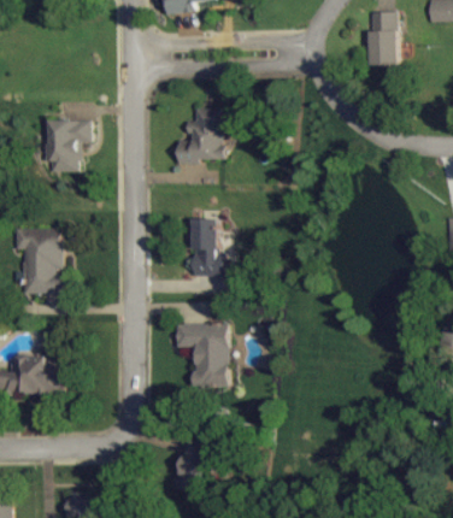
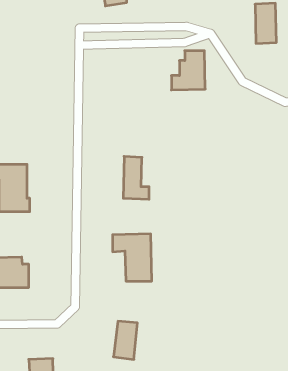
building: [177,108,223,161] -> [171,51,205,90]
building: [46,120,92,171] -> none

